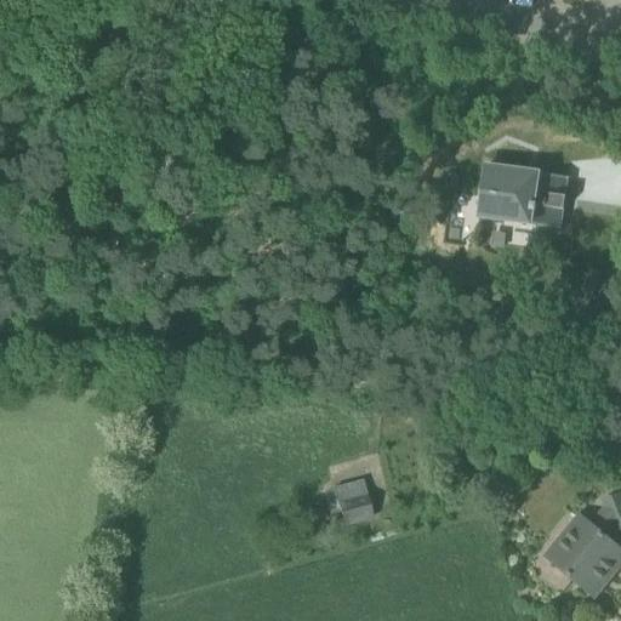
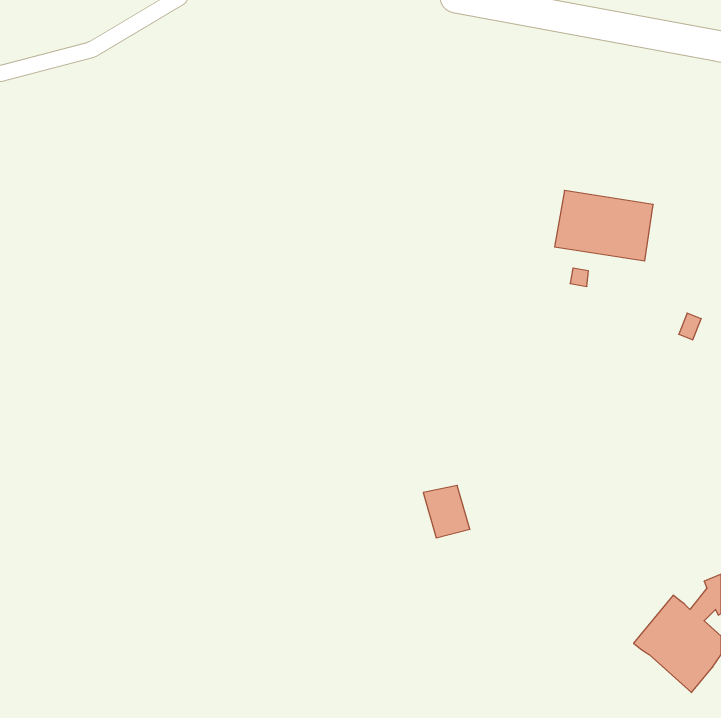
building: [334,479,374,524] -> [423,485,470,538]

